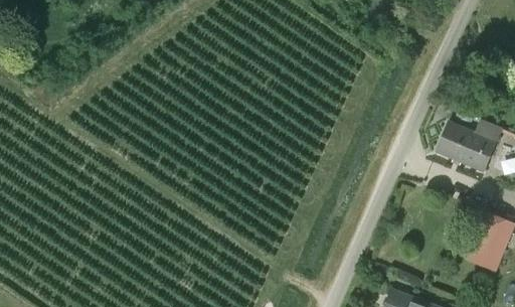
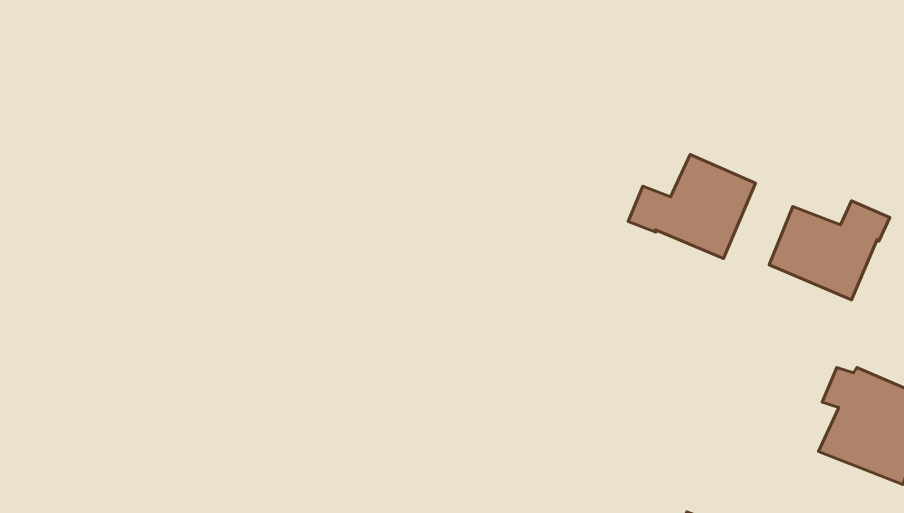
building: none -> [628,155,755,258]

